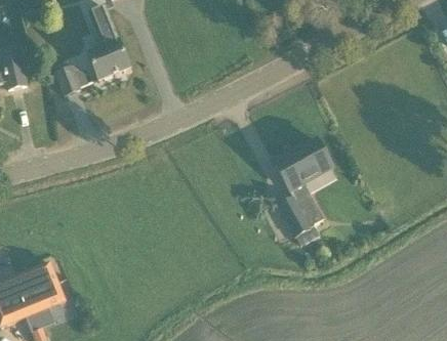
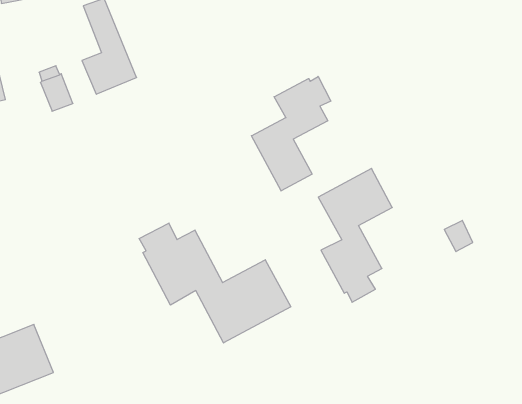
building: none -> [251,76,331,191]
building: none -> [139,223,291,343]

